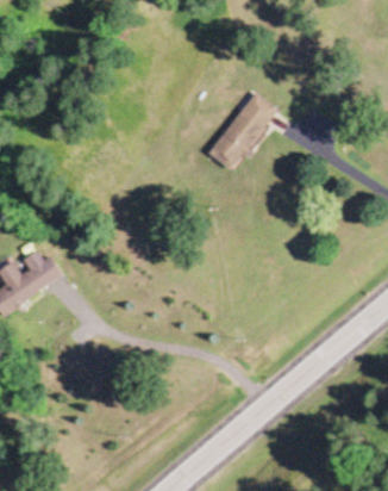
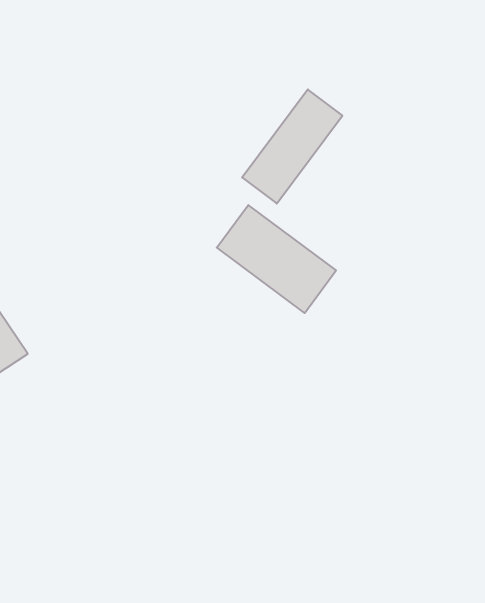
building: none -> [217,205,336,313]

